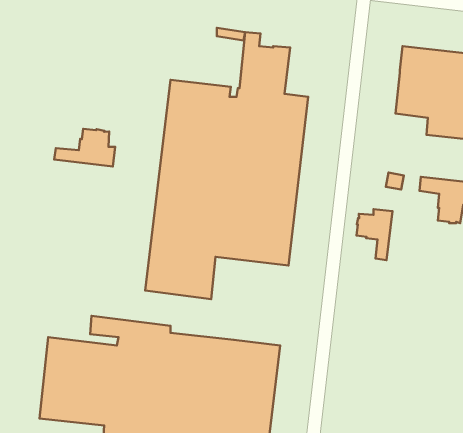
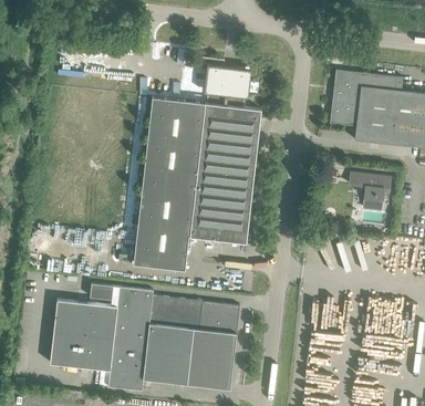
building: [54,129,115,167] -> none
building: [357,209,392,260] -> none

